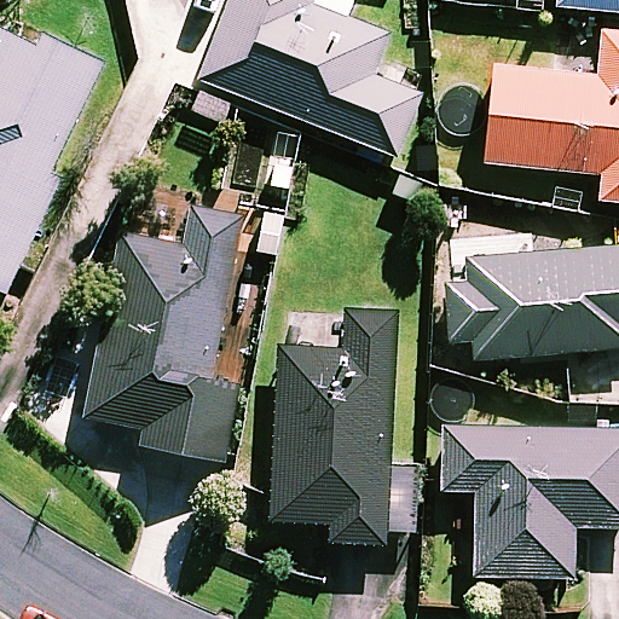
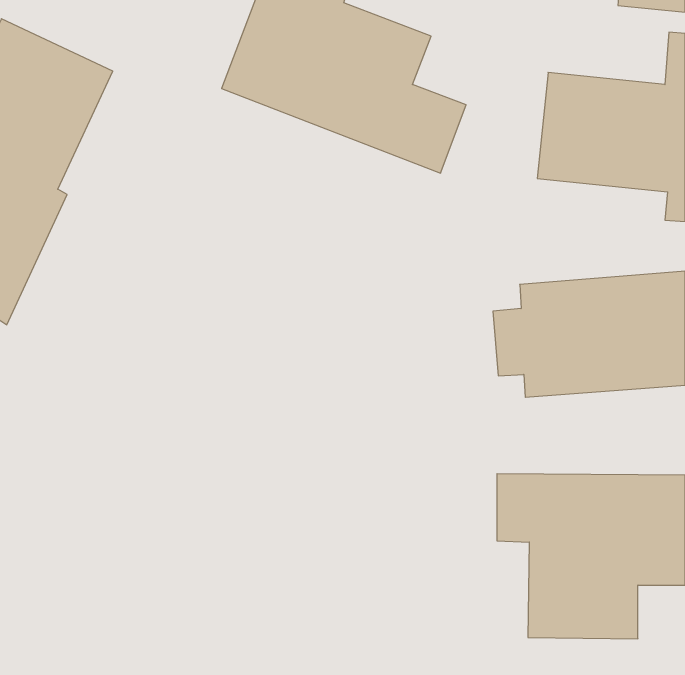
building: [86,207,242,462] -> none
building: [273,306,418,543] -> none

